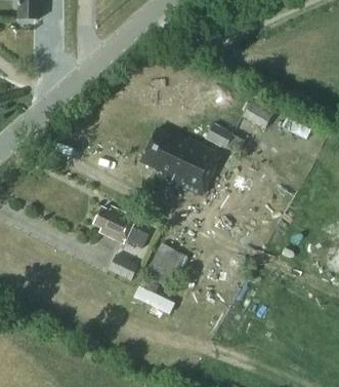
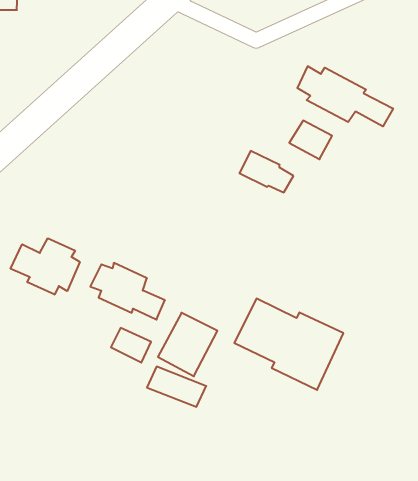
building: none -> [297,66,393,126]
building: [139,127,220,195] -> [234,299,343,390]
building: none -> [11,238,80,295]

